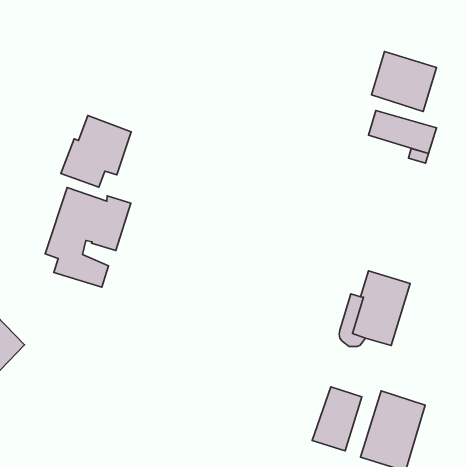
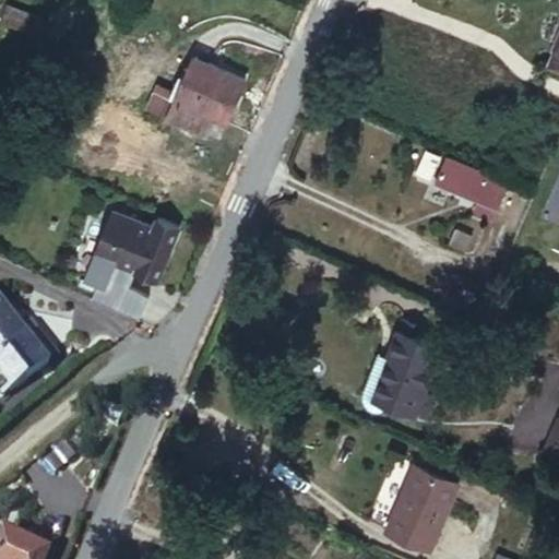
building: [371,51,437,112] -> none
building: [61,116,131,187] -> [162,48,241,126]
building: [312,387,362,451] -> none

